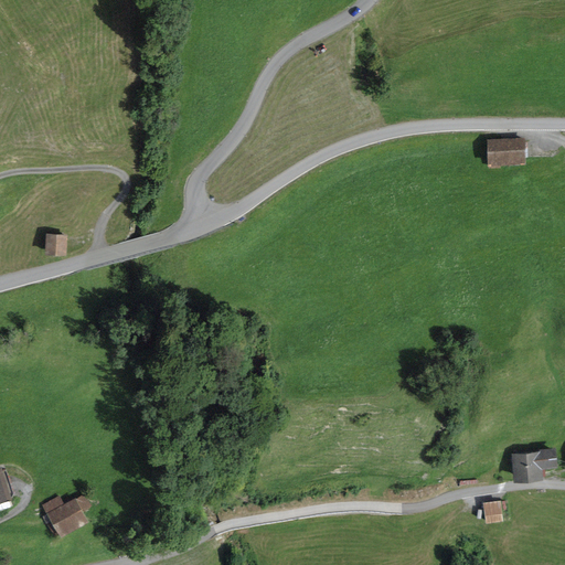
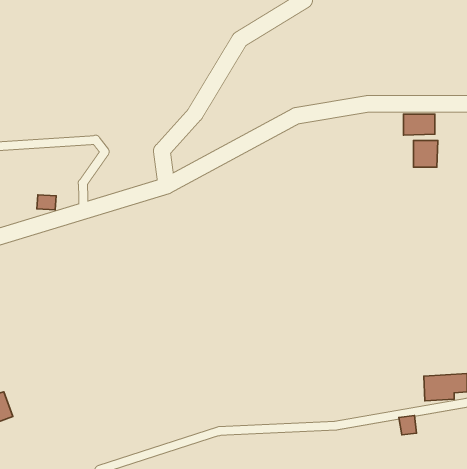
building: none -> [413,140,438,167]
building: [43,497,96,542] -> none

